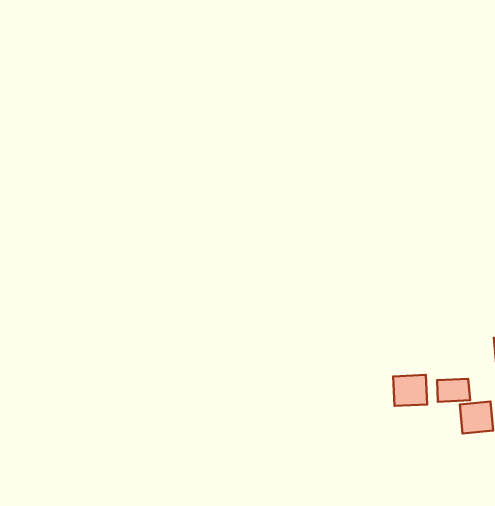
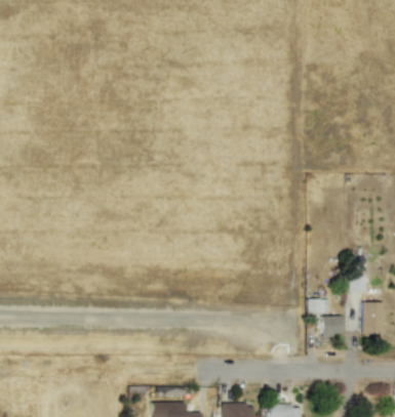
building: [393,375,427,406] -> none

